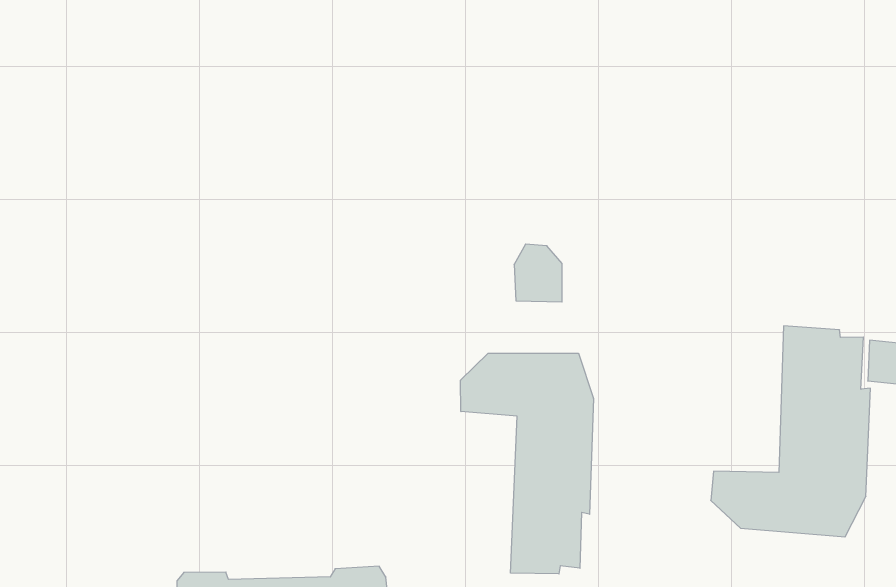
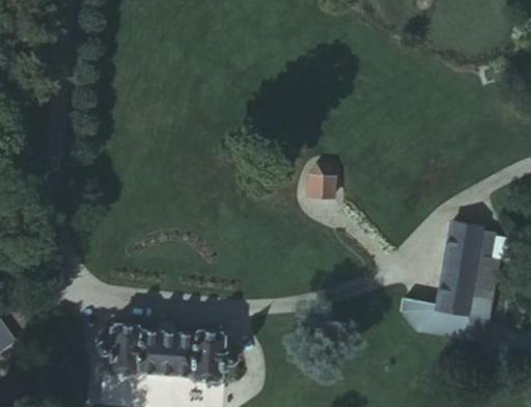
building: [461,353,593,574] -> none

